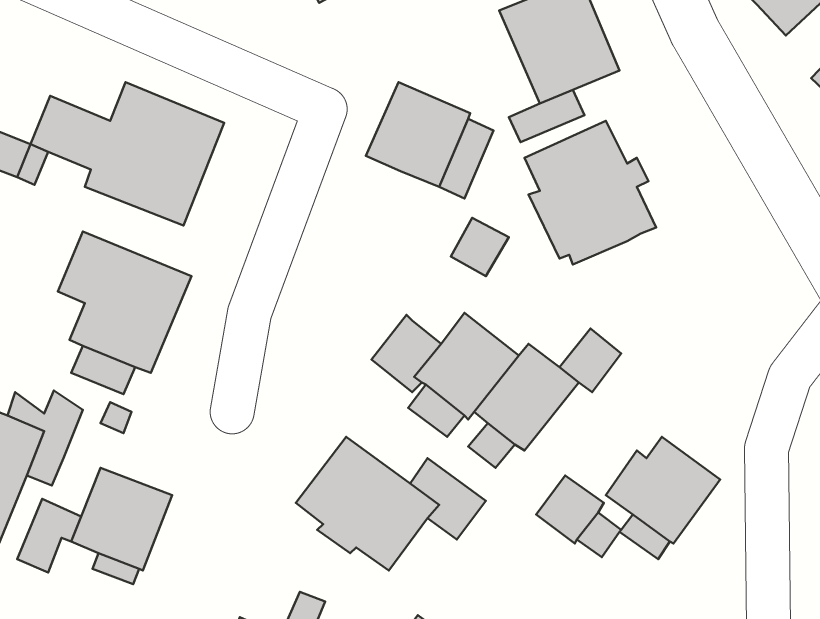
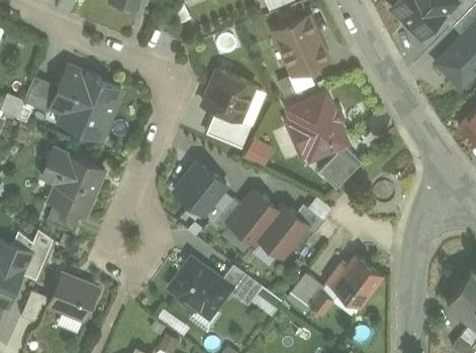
building: none -> [210,114,252,147]
building: none -> [318,146,362,190]
building: none -> [170,158,229,215]

